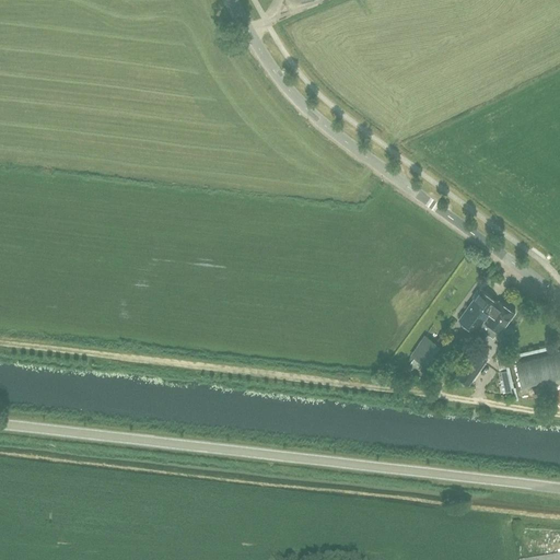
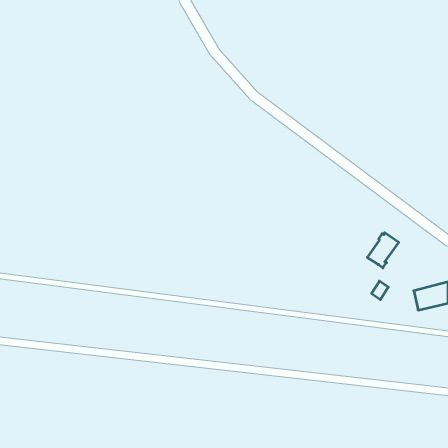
building: [479,302,514,337] -> none
building: [410,336,442,369] -> none

